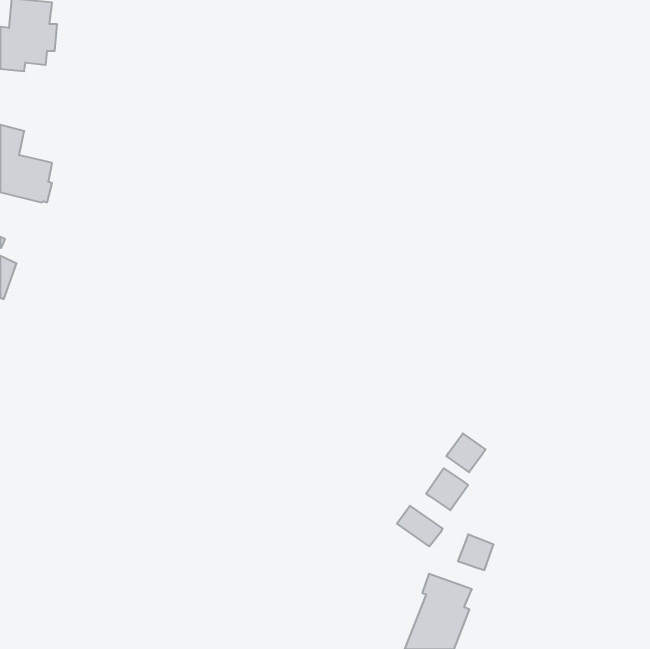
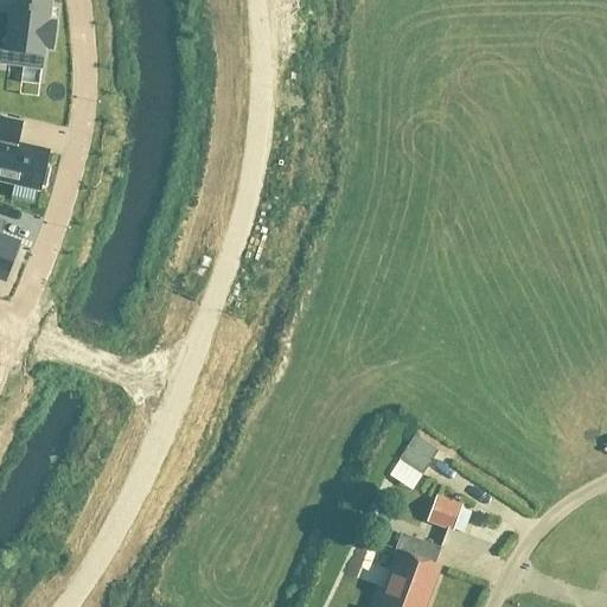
building: [446,433,486,472] -> none
building: [397,506,443,546] -> none

